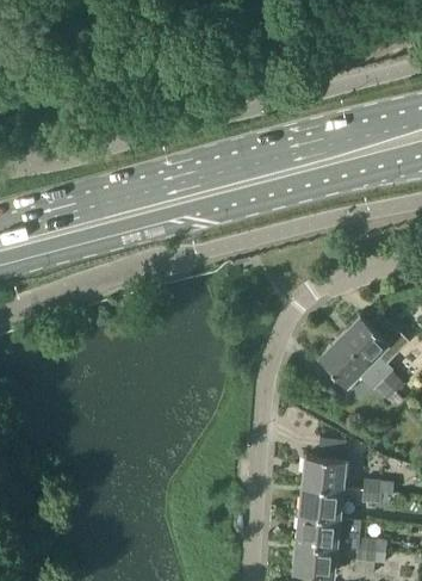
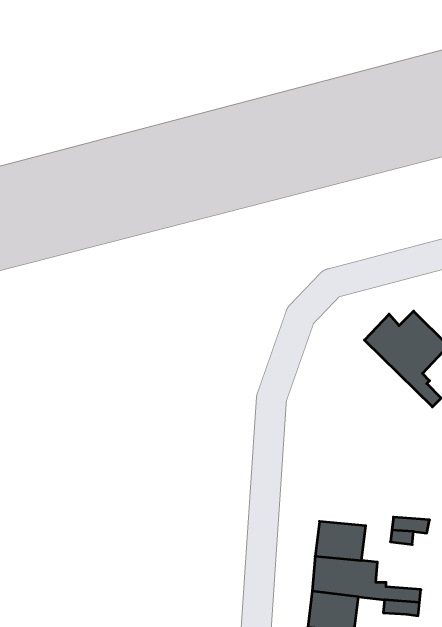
building: [318,338,396,401] -> none
building: [303,458,343,490] -> none

